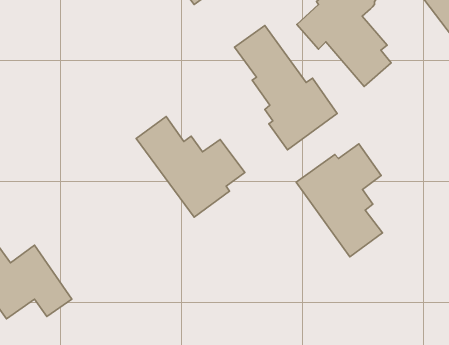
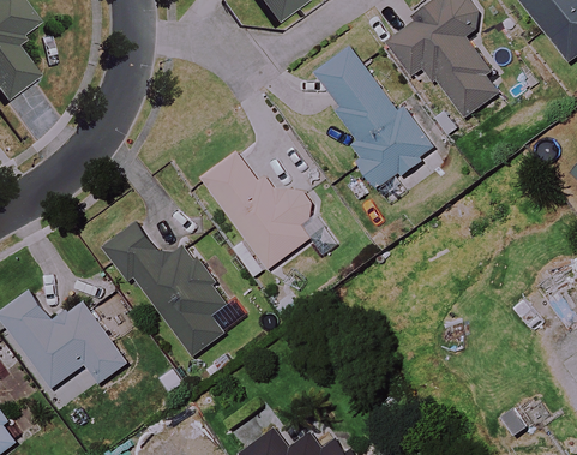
building: [296,144,382,257] -> none
building: none -> [103,222,229,354]

